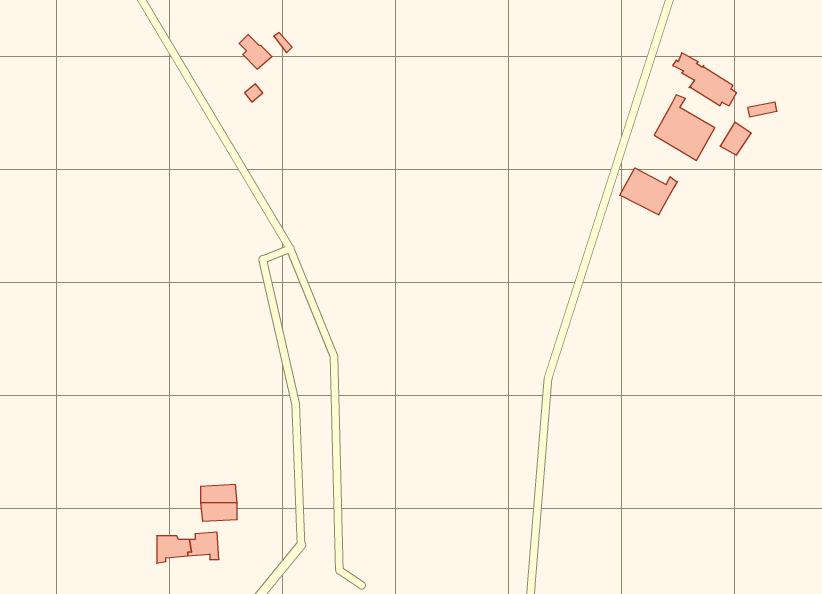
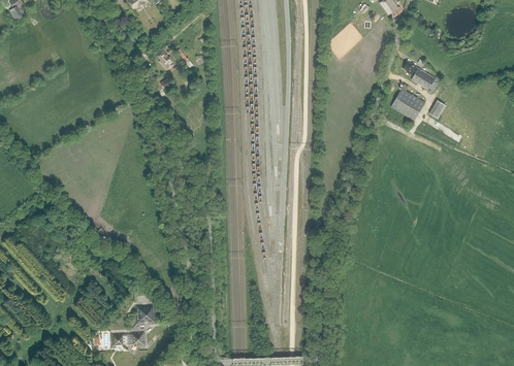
building: [620,168,677,215] -> none

